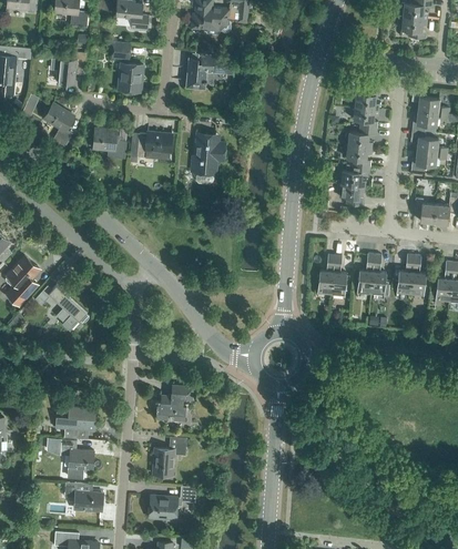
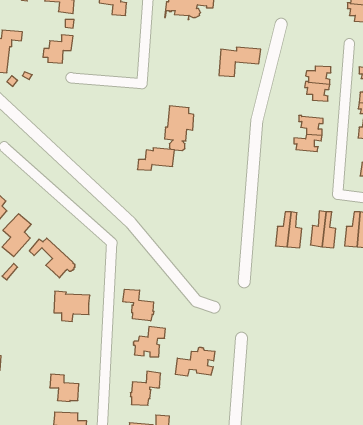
building: [113,42,143,92] -> none
building: [186,54,234,88] -> [219,47,261,76]
building: [43,103,74,146] -> none
building: [345,126,377,148] -> none
building: [93,128,126,159] -> none
building: [130,131,172,156] -> [137,148,174,170]
building: [337,183,365,205] -> none
building: none -> [123,289,154,321]
building: [55,404,96,438] -> [54,291,90,321]
building: none -> [175,347,215,376]

